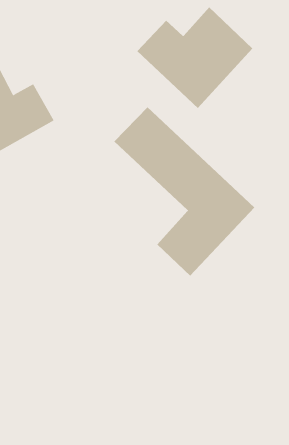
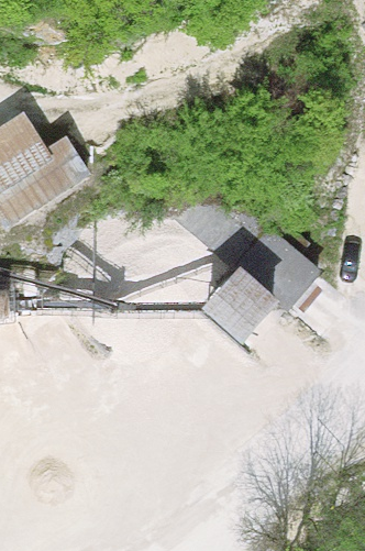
building: [137,6,253,109] -> none

